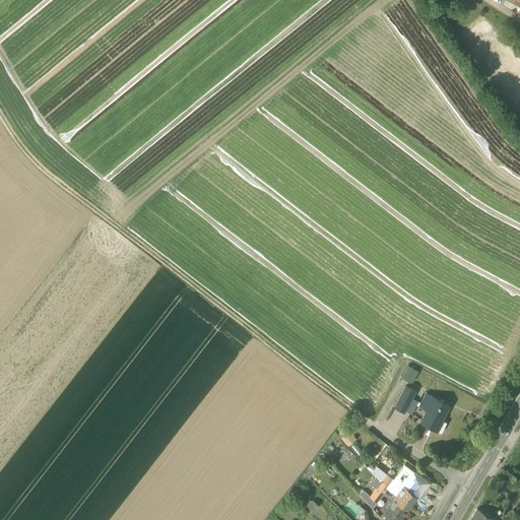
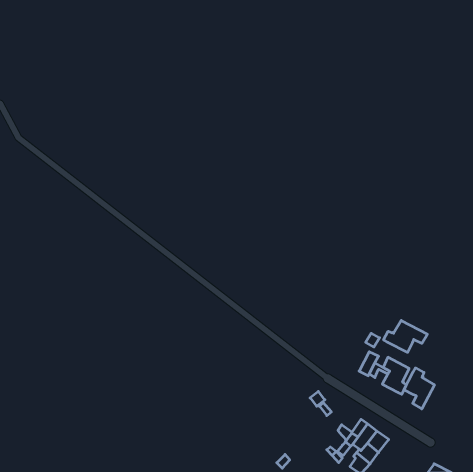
building: none -> [384,320,427,352]
building: none -> [404,368,434,409]

